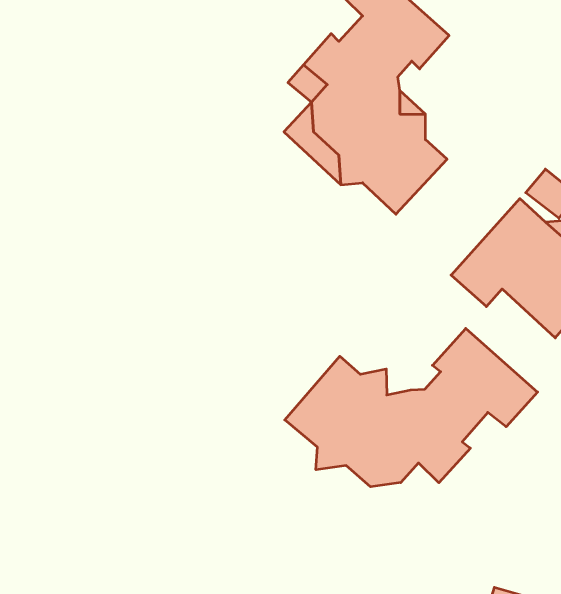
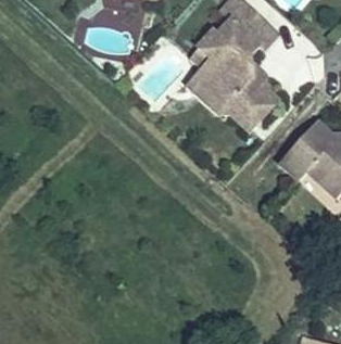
building: [285,328,538,487] -> none

